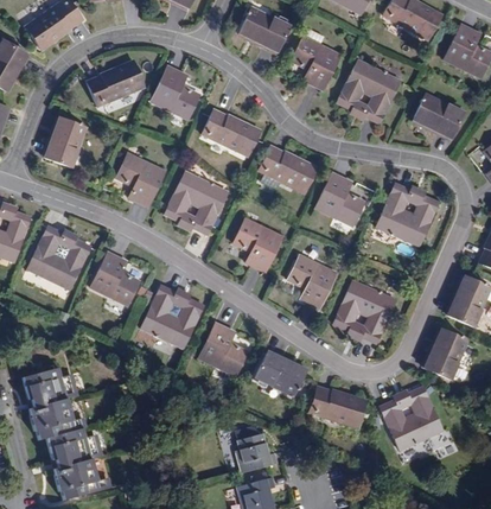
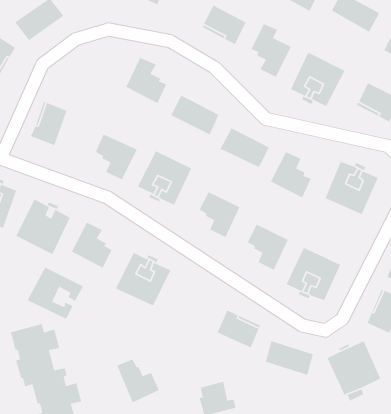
building: [88,61,145,104] -> none
building: none -> [27,266,84,320]
building: [199,322,246,375] -> none
building: none -> [116,358,160,404]

